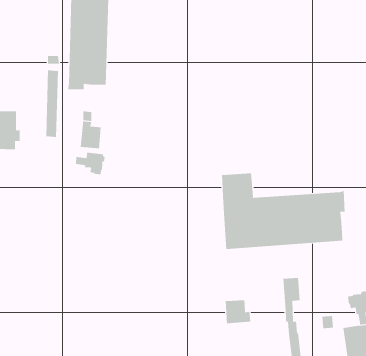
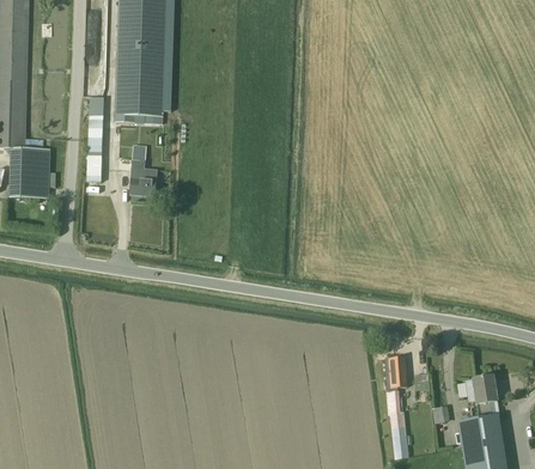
building: [75,152,105,175] -> none
building: [221,173,345,250] -> none
building: [225,299,251,324] -> none

